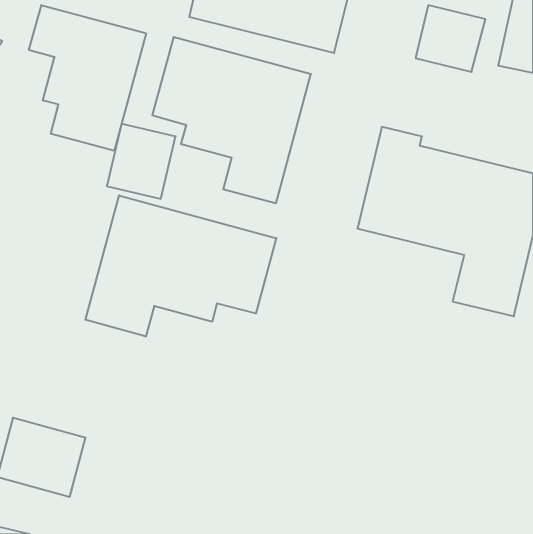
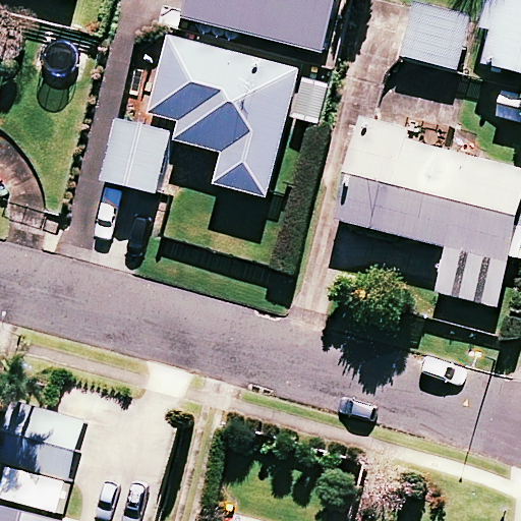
building: [29,5,146,151] -> none
building: [86,195,276,337] -> none

